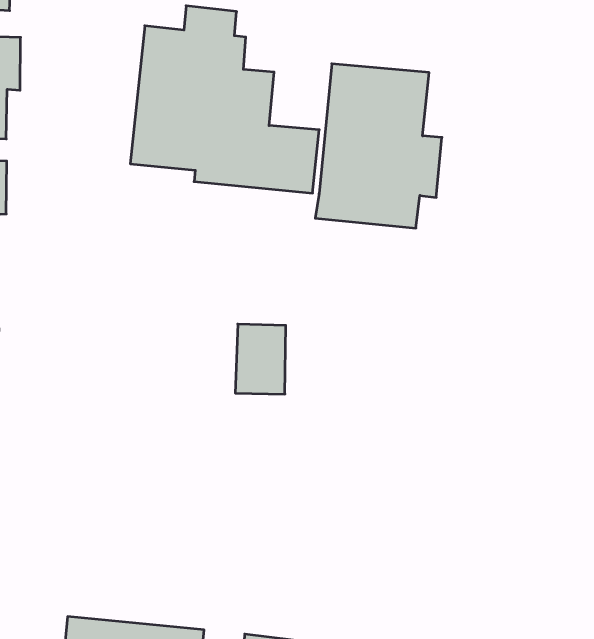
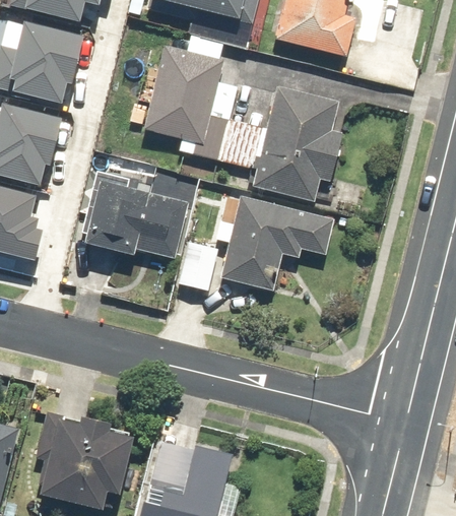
building: none -> [222,199,336,285]
building: none -> [86,188,186,258]

